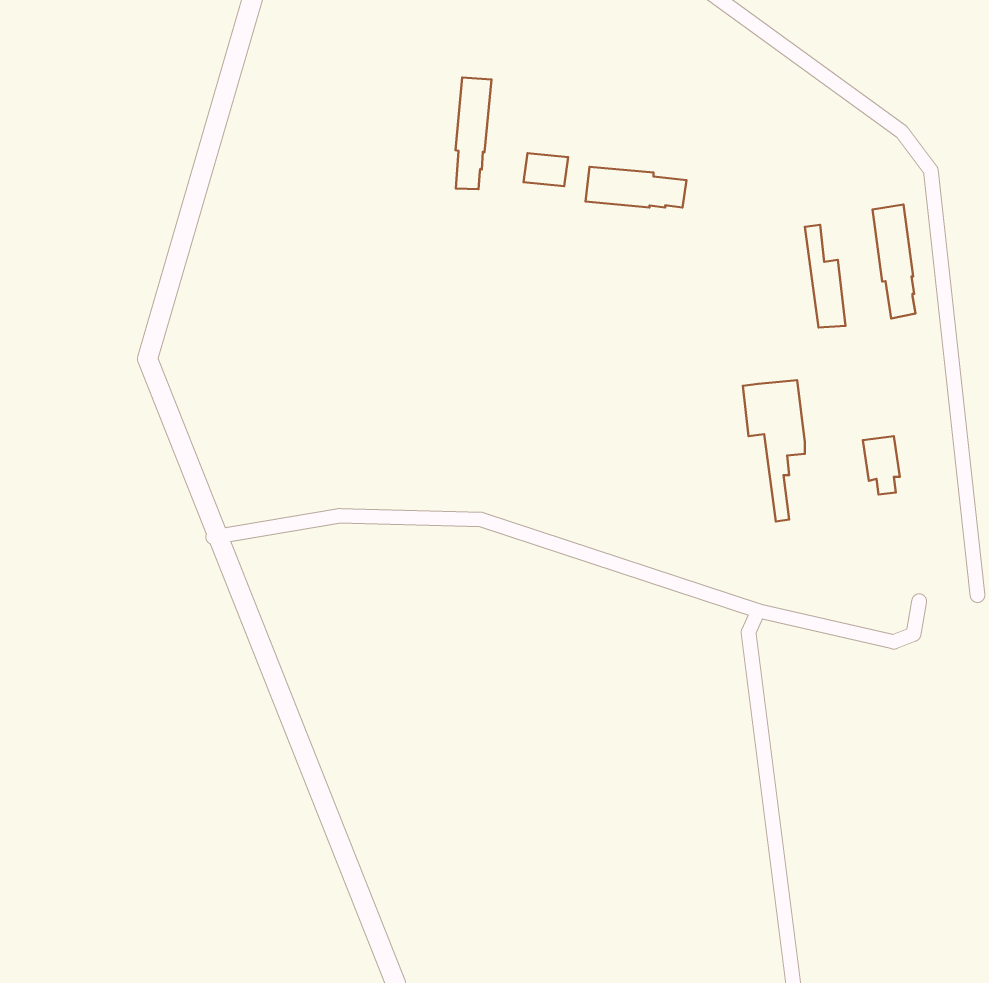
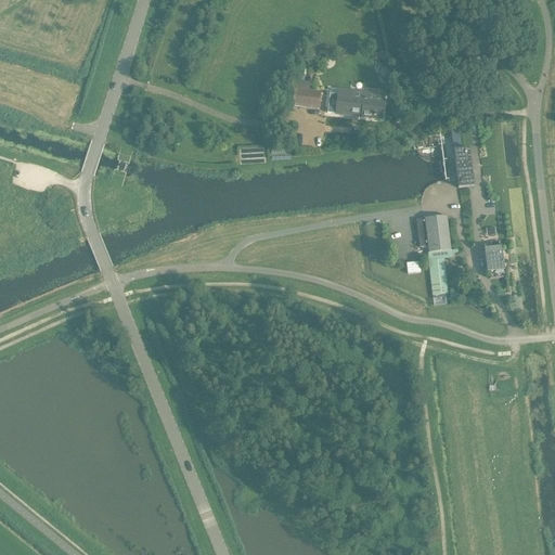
building: [455,77,491,189] -> none
building: [872,204,915,318] -> none

